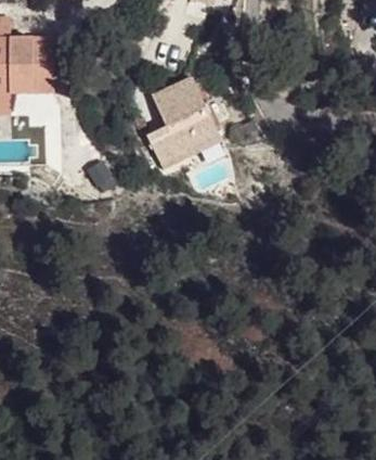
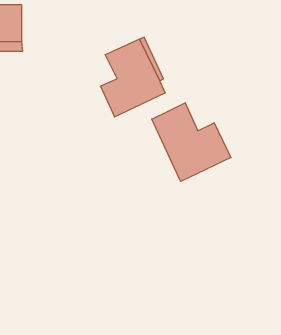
building: none -> [152,103,231,181]

